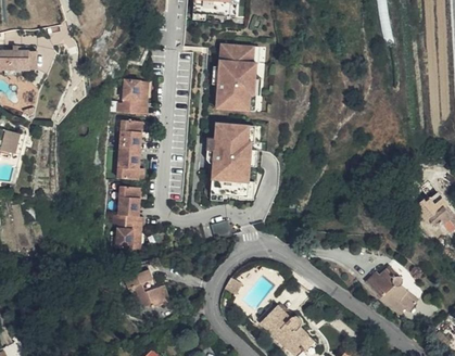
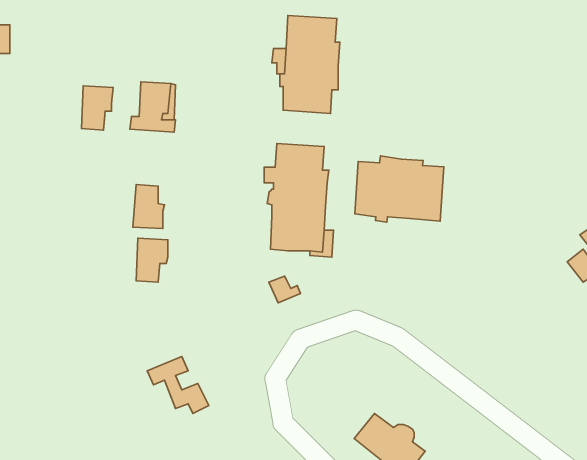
building: [118,125,140,155] -> [81,86,113,130]
building: none -> [355,156,444,222]
building: [112,220,143,254] -> none
building: [363,268,416,318] -> none

